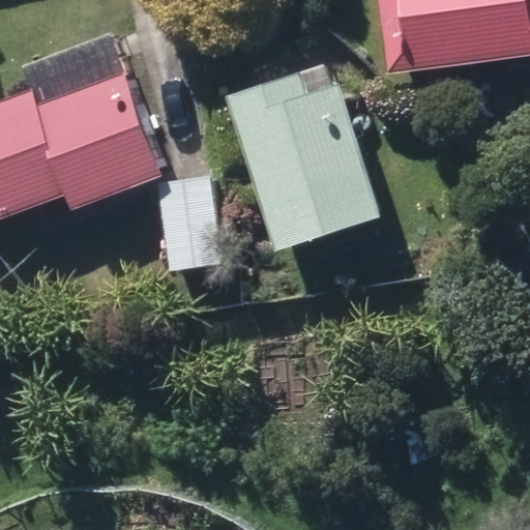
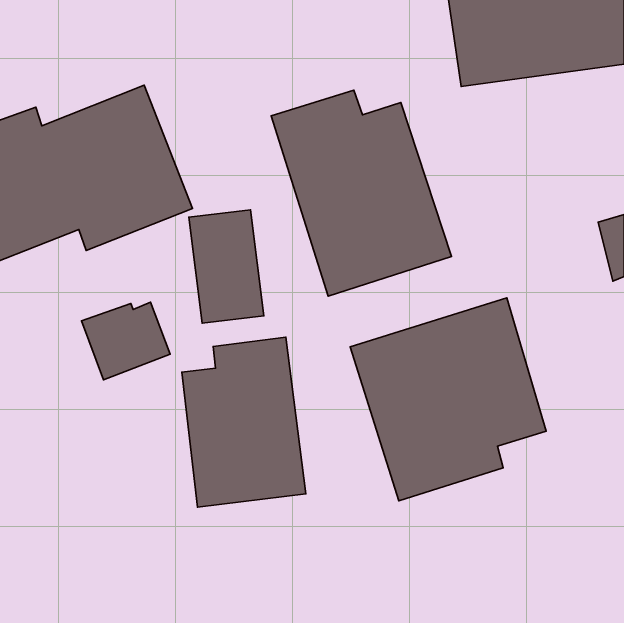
building: none -> [350,298,546,501]
building: none -> [182,337,306,507]

